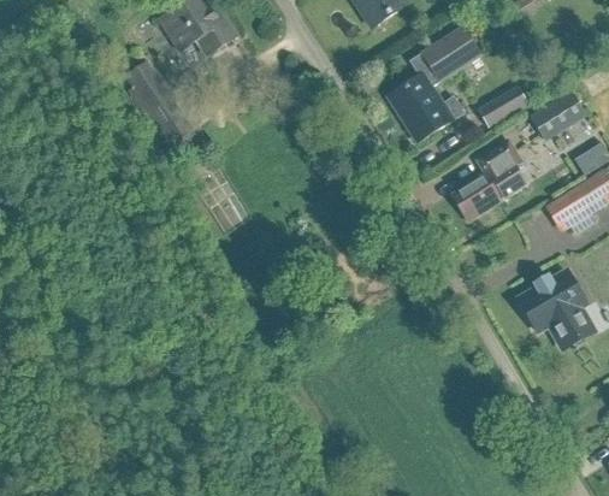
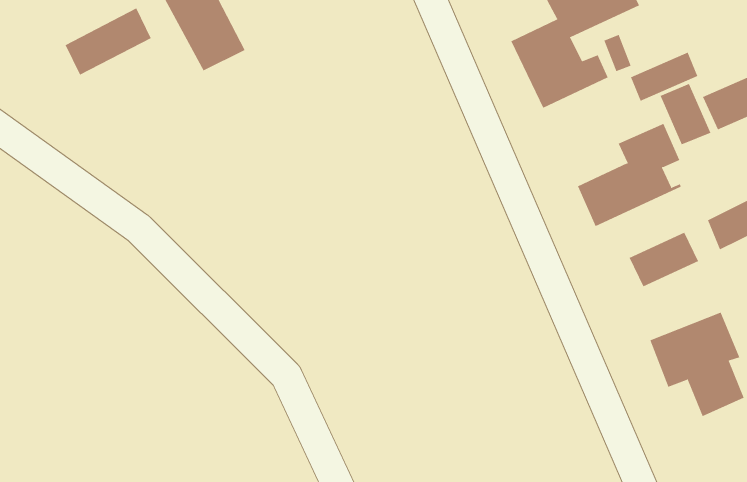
building: none -> [65,8,152,76]
building: none -> [660,83,711,145]
building: none -> [629,232,699,287]

